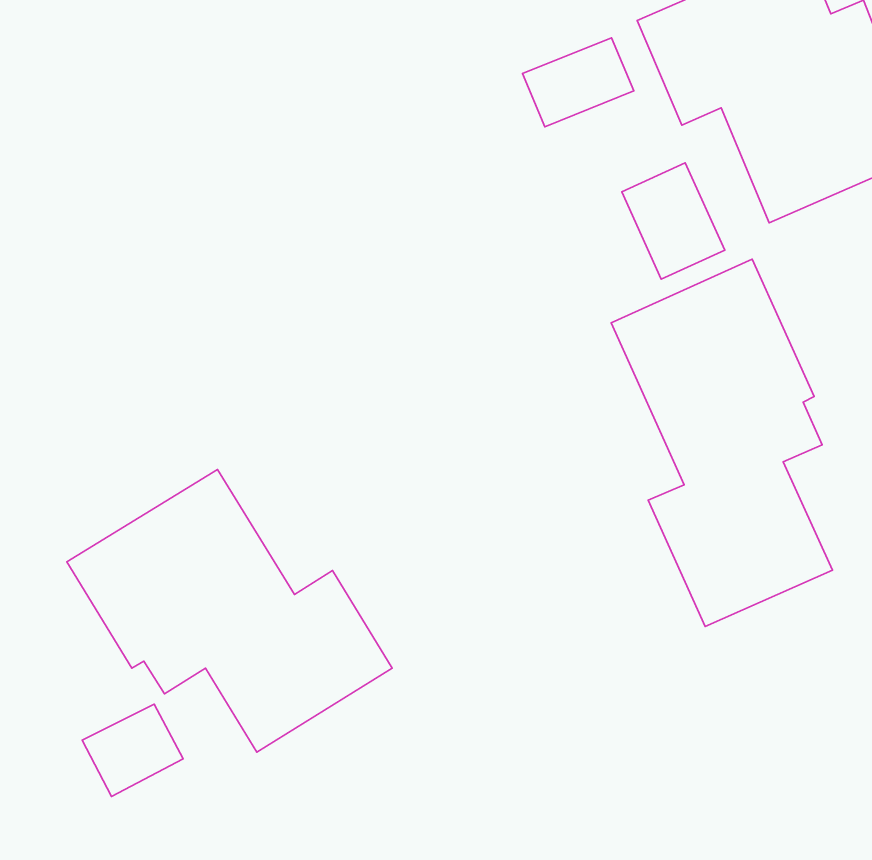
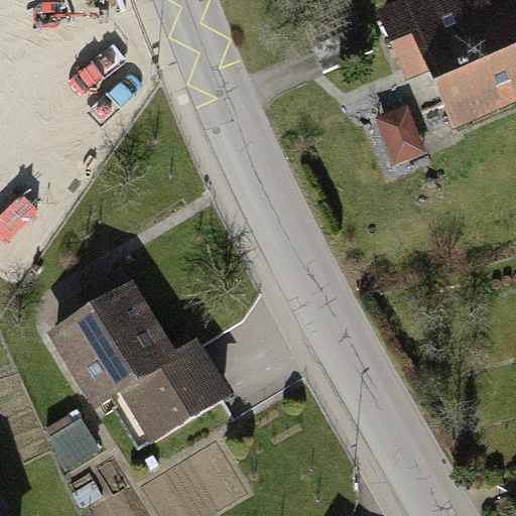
building: [611,259,832,627] -> none

